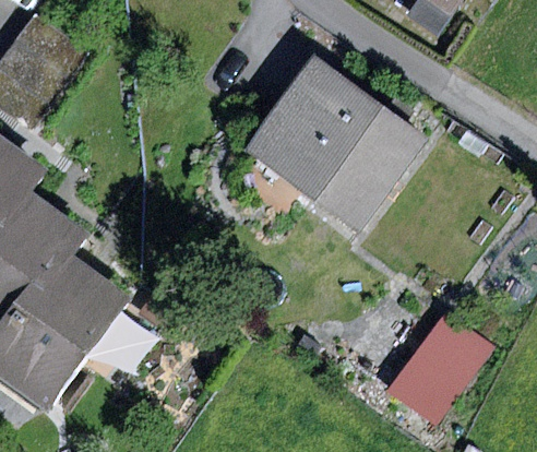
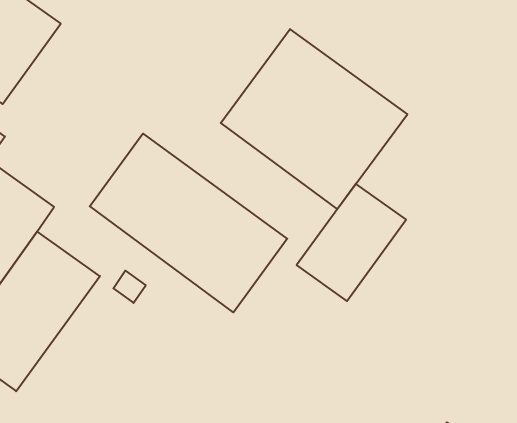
building: none -> [90,134,287,312]
building: [389,308,496,423] -> [297,184,406,301]

